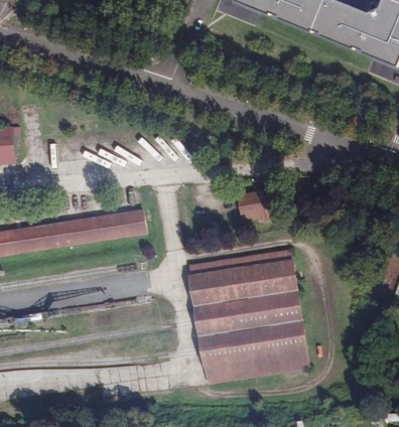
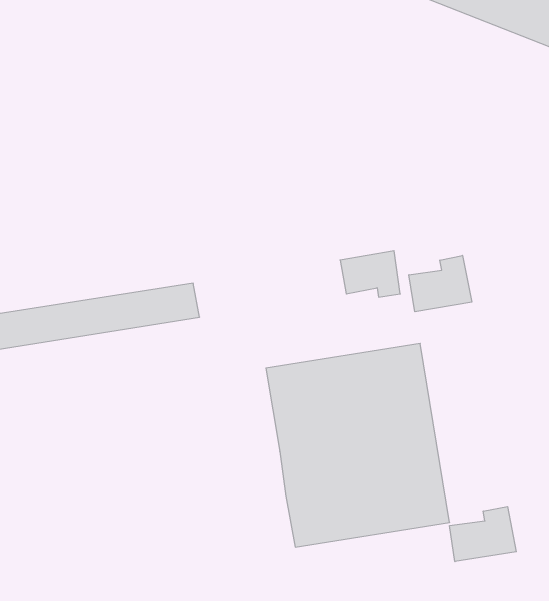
building: none -> [409,255,472,312]
building: none -> [450,507,516,562]

